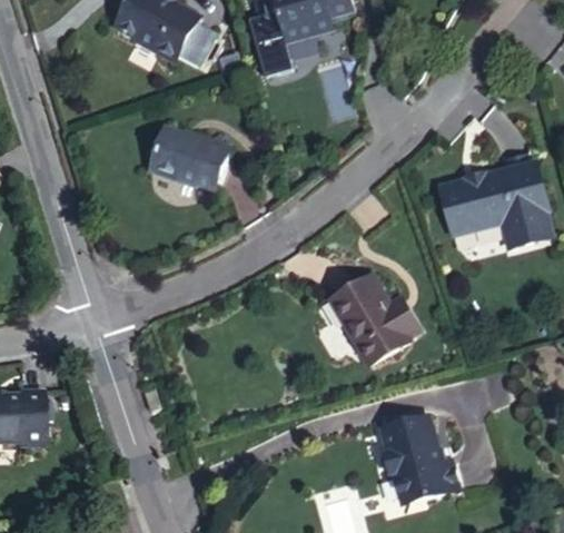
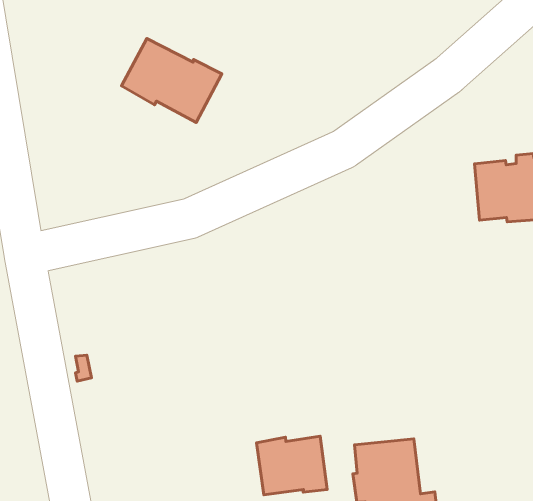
building: [333,273,418,363] -> none
building: none -> [257,436,327,495]

